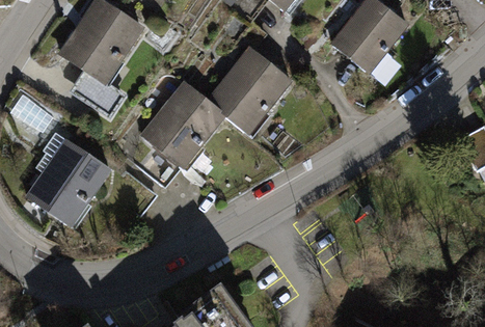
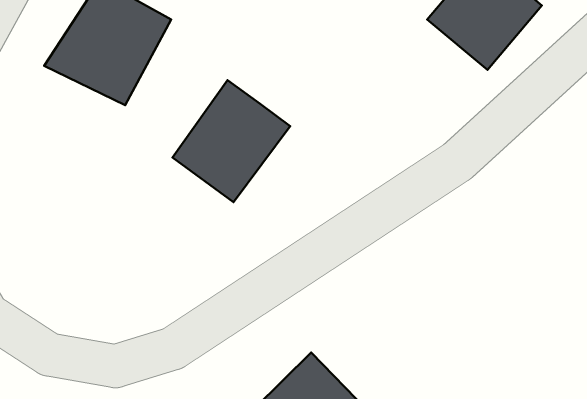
building: [206,44,292,132] -> none
building: [31,145,109,224] -> none

